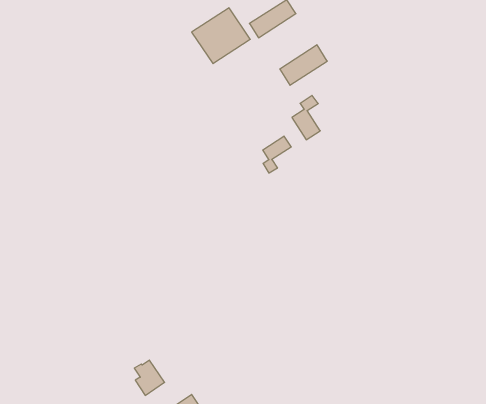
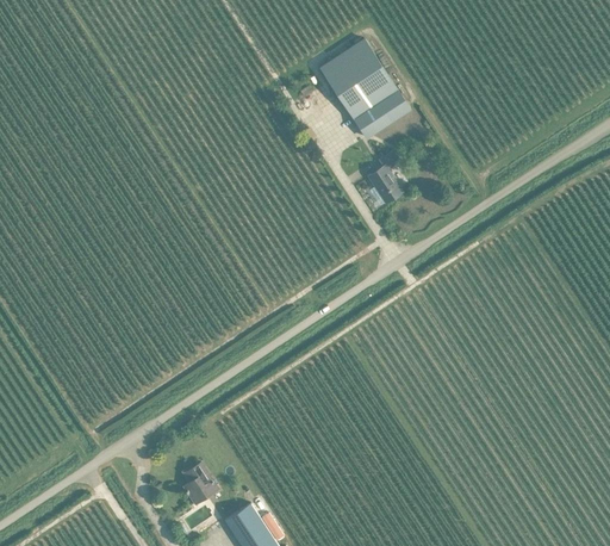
building: [192,8,250,64] -> [330,55,399,120]
building: [263,136,291,173] -> none

